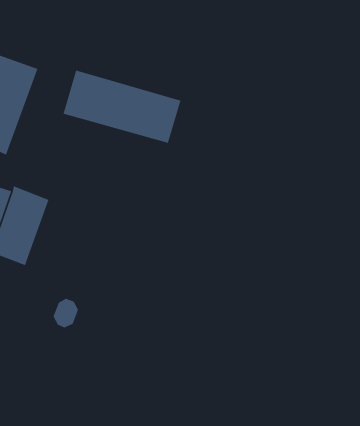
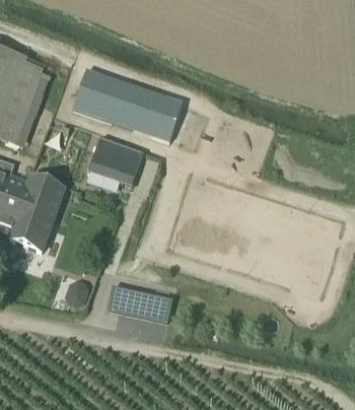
building: none -> [88,137,143,186]
building: none -> [109,284,173,321]

